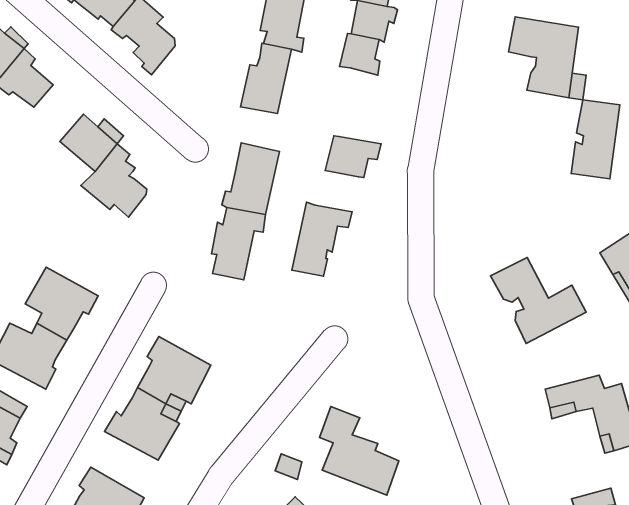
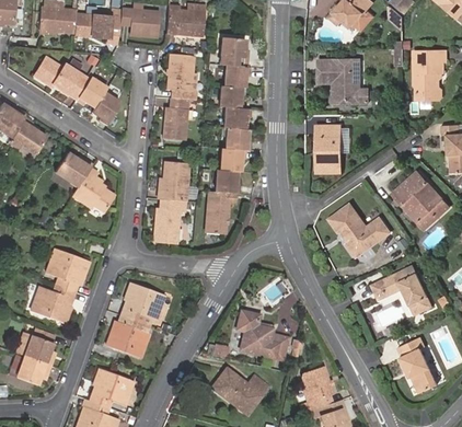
building: none -> [221,103,250,147]
building: [571,100,620,179] -> [315,124,339,170]
building: none -> [215,166,239,191]

